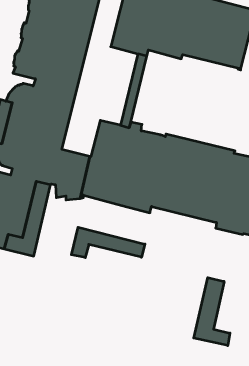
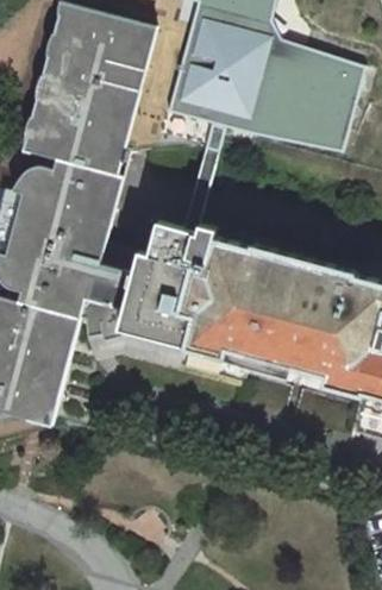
building: [71,227,145,258] -> none
building: [194,278,230,346] -> none

